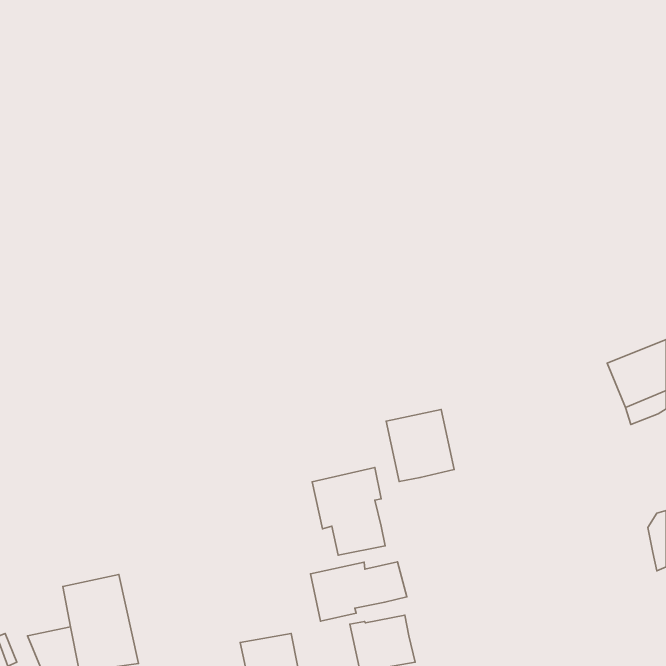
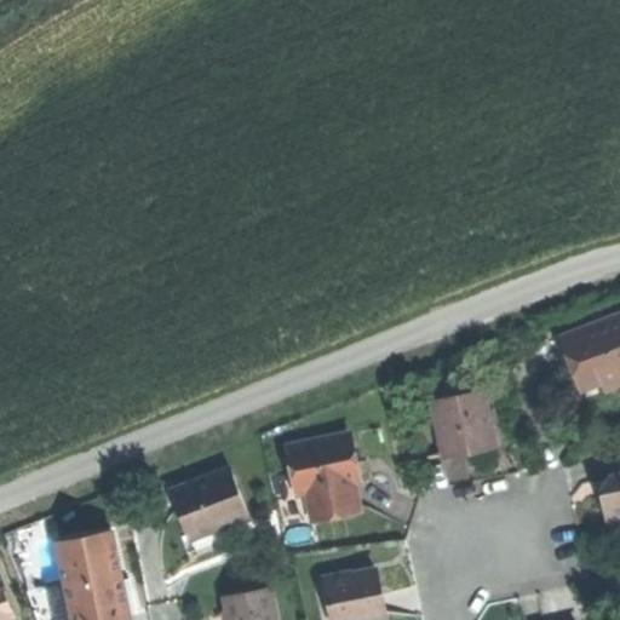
building: [386,410,454,481] -> [432,391,495,458]
building: none -> [171,467,248,540]
building: [311,562,407,621] -> none

